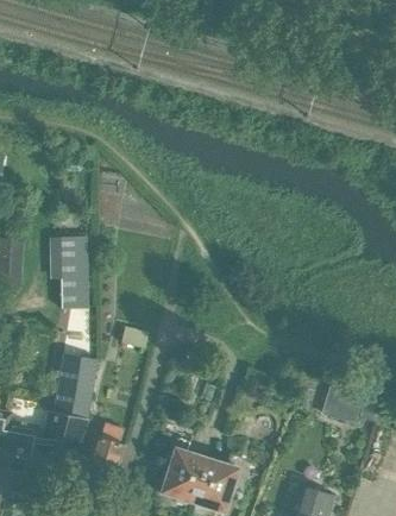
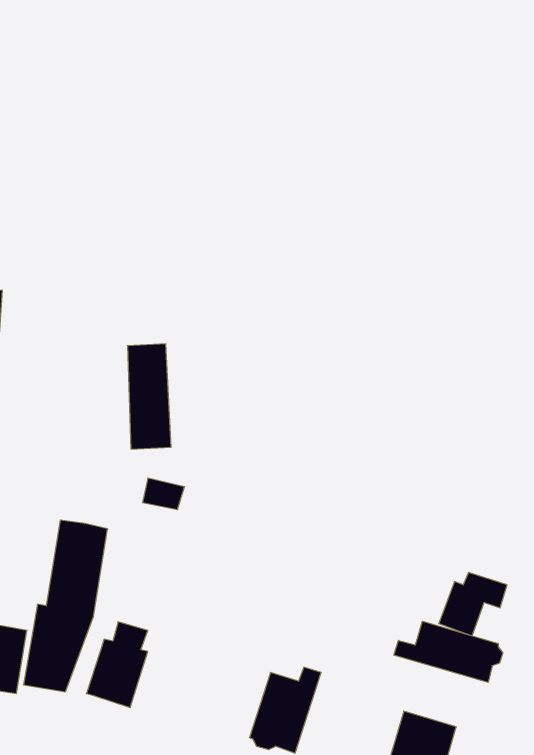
building: [59,235,89,307] -> [127,344,171,449]
building: none -> [394,621,503,682]
building: [161,436,207,503] -> none

